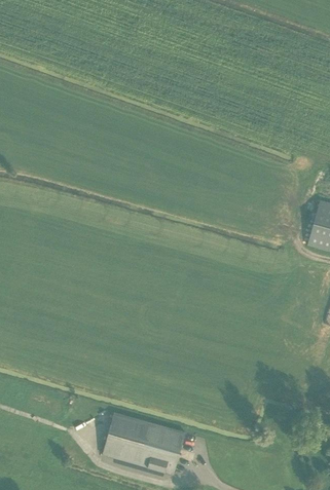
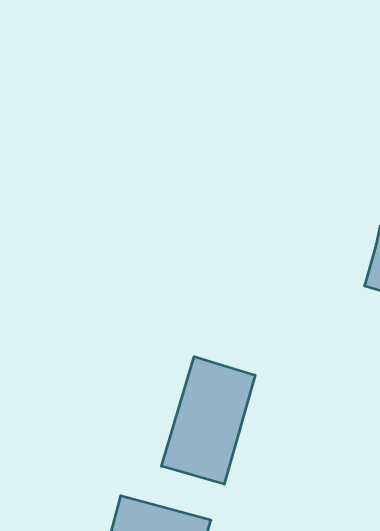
building: none -> [161,357,255,484]

